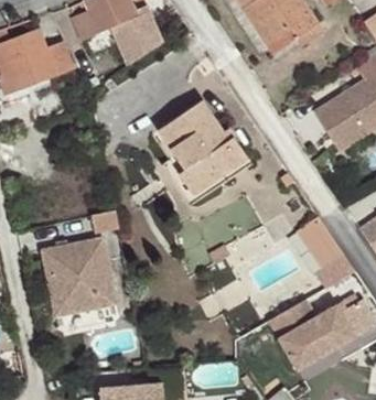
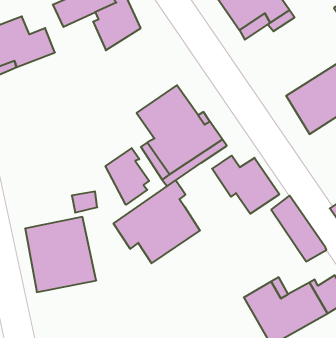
building: none -> [105,148,149,205]
building: none -> [212,156,279,214]
building: none -> [114,180,200,263]

